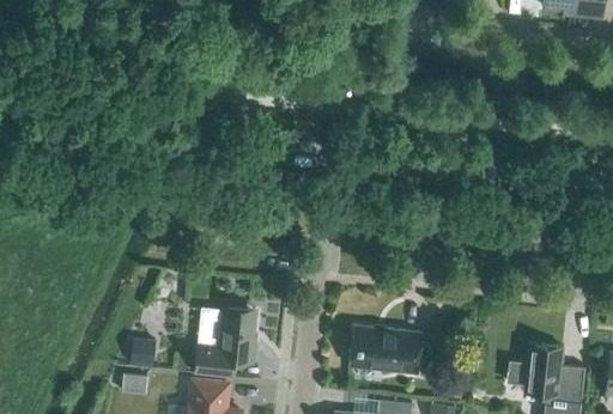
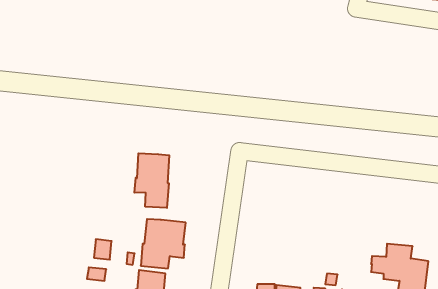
building: none -> [134,153,169,208]
building: [350,327,421,373] -> none

